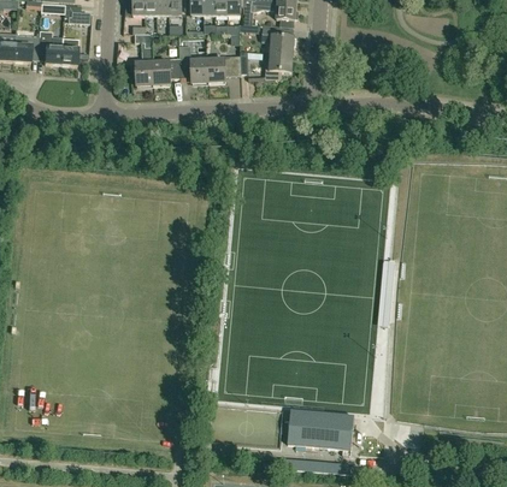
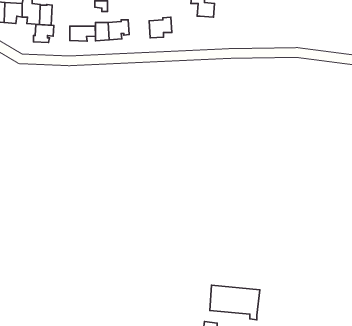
building: [178,47,207,82] -> none
building: [264,53,291,79] -> none
building: none -> [33,25,54,42]
building: none -> [70,26,96,41]

